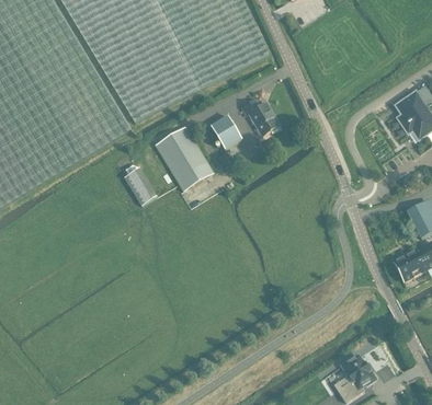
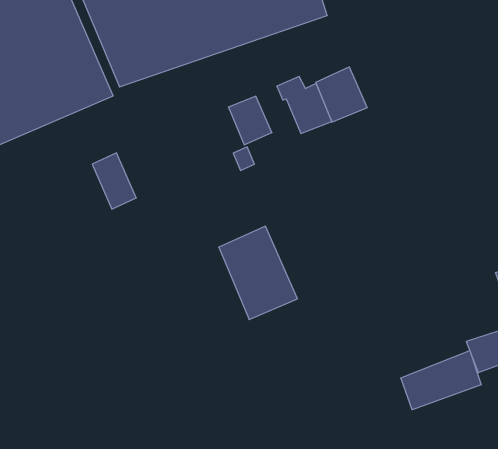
building: none -> [316,67,367,122]
building: [155,125,213,189] -> [219,226,297,320]
building: none -> [401,351,481,410]

